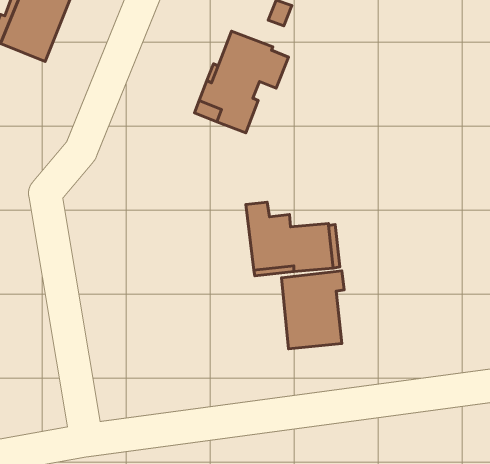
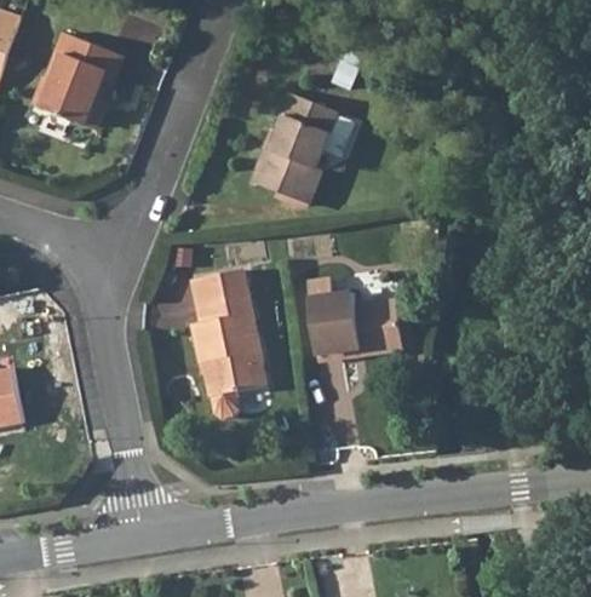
building: none -> [191,270,265,419]
building: [281,271,344,349] -> none

